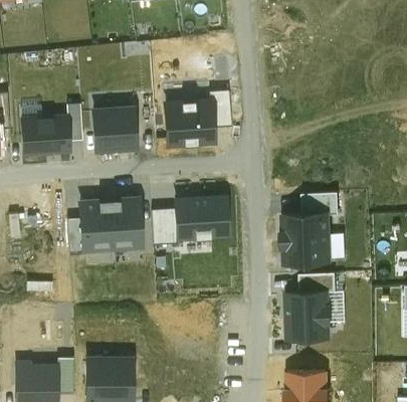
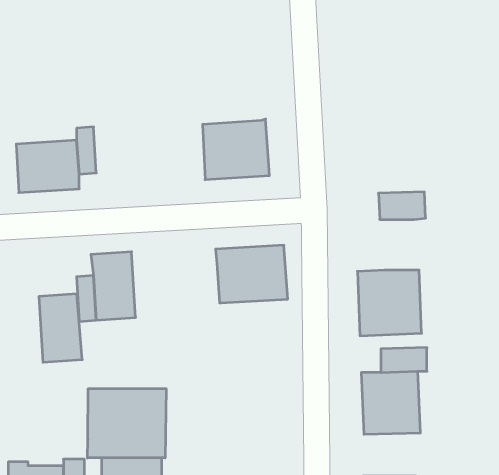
building: [209,91,230,127] -> none
building: [92,108,137,151] -> none
building: [302,193,339,214] -> [378,192,426,219]
building: [110,198,143,250] -> [39,294,82,362]
building: [151,209,179,244] -> none
building: none -> [87,389,166,458]

